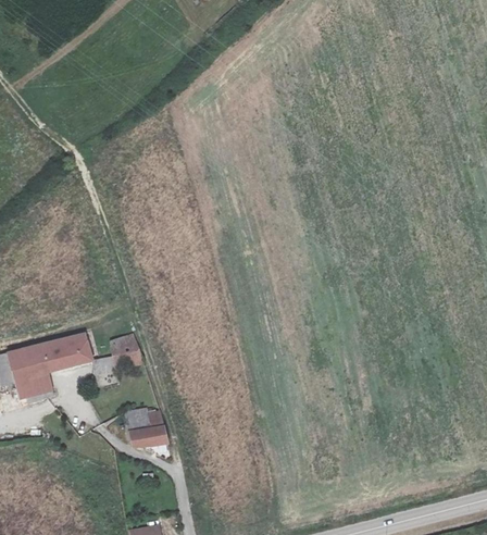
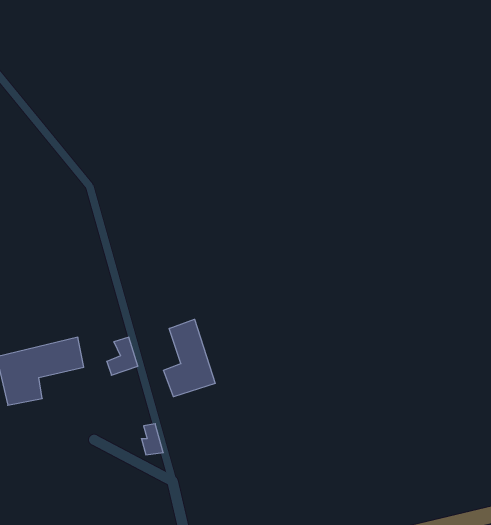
building: none -> [164,319,215,397]
building: [126,406,151,446] -> none

